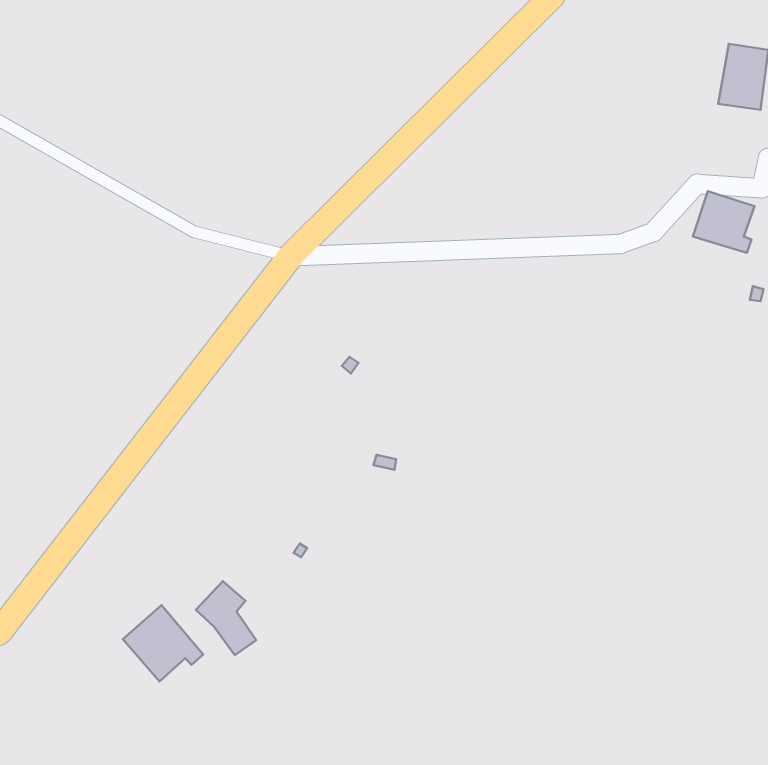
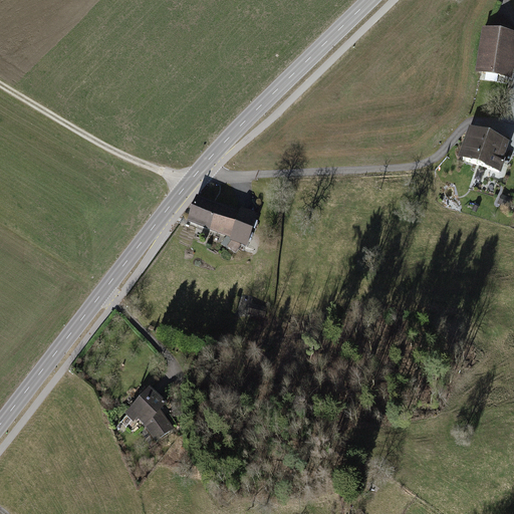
building: none -> [189,198,253,238]
building: [123,605,203,681] -> none

